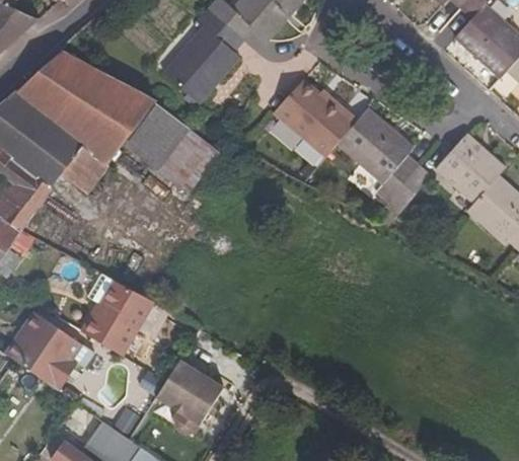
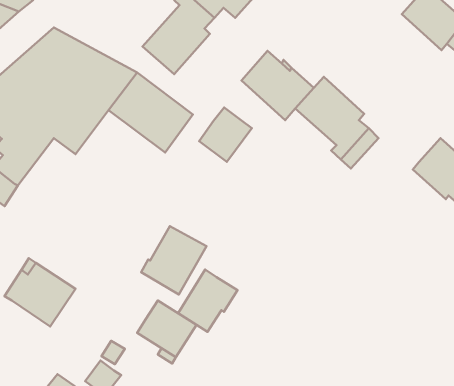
building: [435,135,505,204] -> none
building: none -> [199,107,252,162]
building: [82,280,156,357] -> [141,226,207,294]
building: none -> [178,270,238,332]

